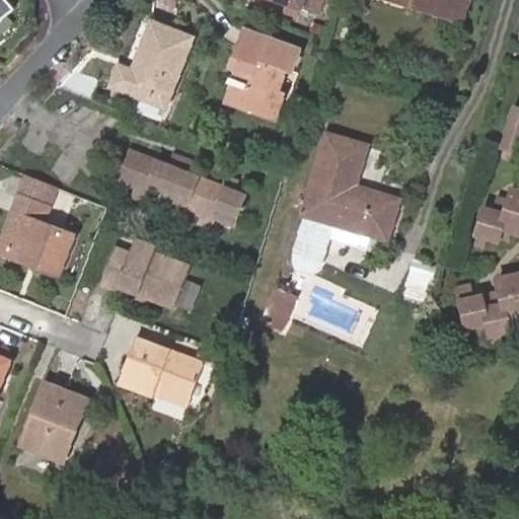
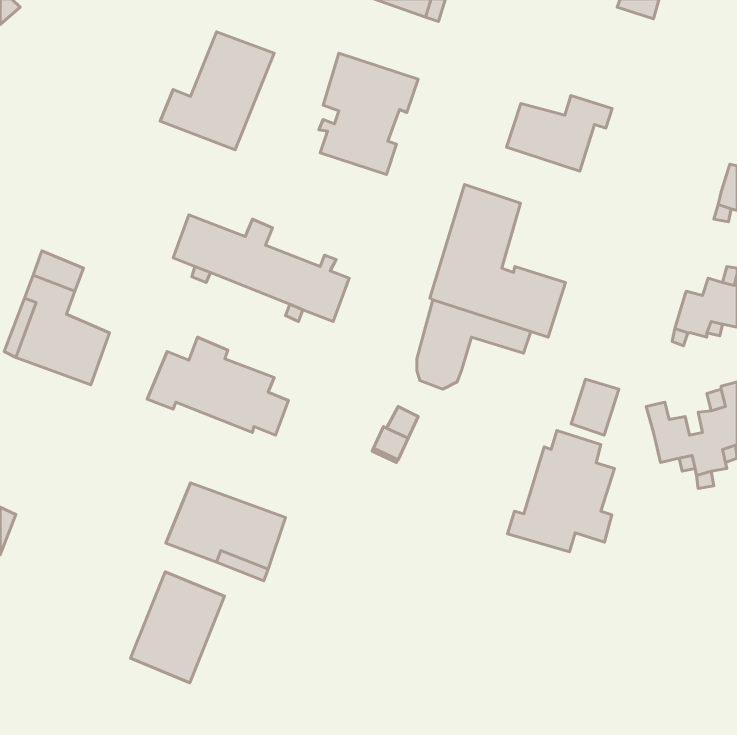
building: none -> [506,96,612,171]
building: none -> [507,430,615,552]
building: [24,384,90,462] -> [131,572,224,683]

